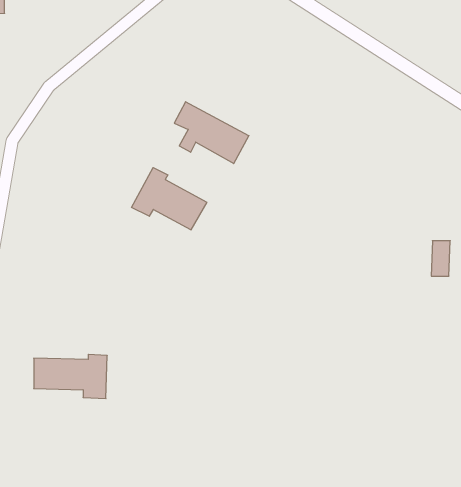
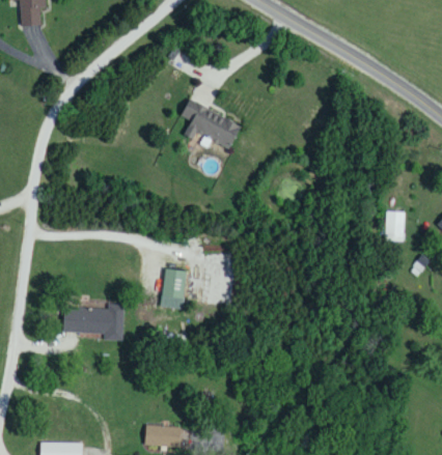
building: [132,168,207,230] -> none
building: none -> [163,269,186,297]

